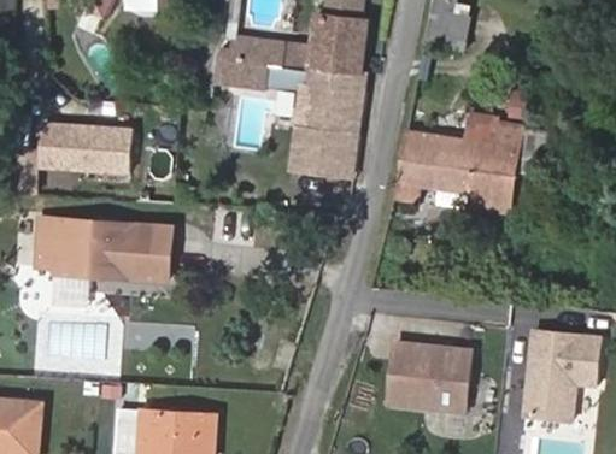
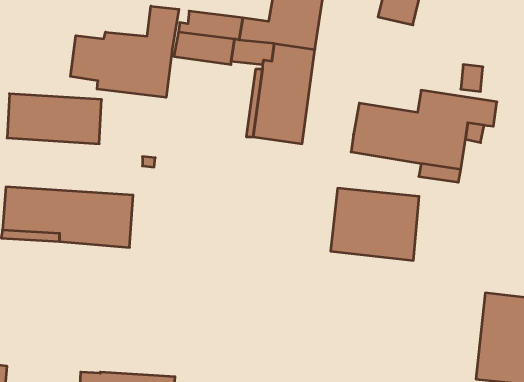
building: none -> [70,6,179,97]
building: [386,340,477,414] -> [331,188,419,260]

